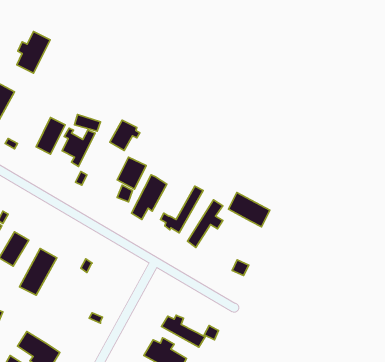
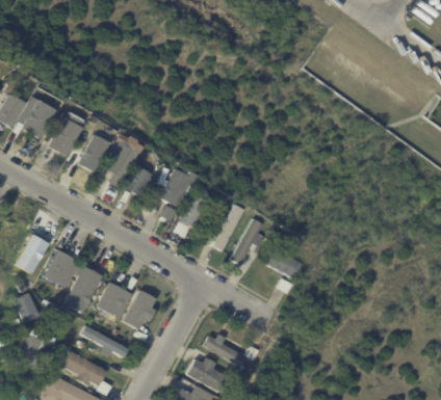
building: [17,32,50,73] -> [51,116,84,158]
building: [110,120,140,150] -> [126,166,156,196]
building: [228,193,270,227] -> [263,246,305,281]
building: none -> [96,283,127,317]
building: none -> [123,291,156,330]
building: none -> [81,324,125,358]

